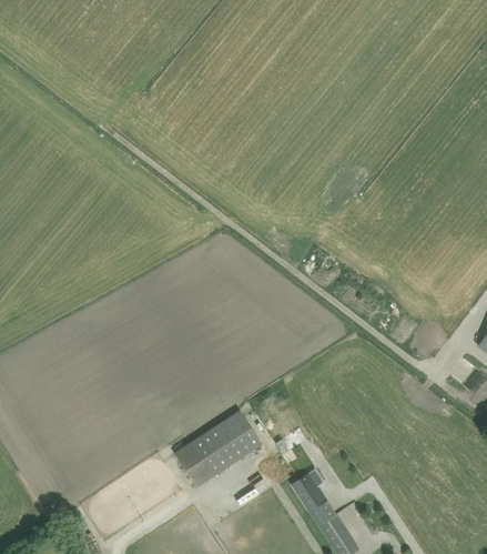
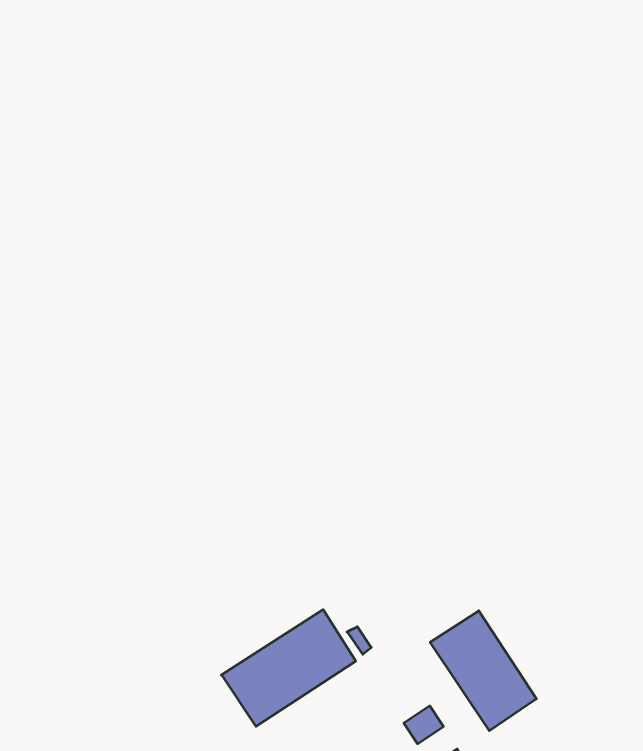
building: none -> [430,611,536,731]

